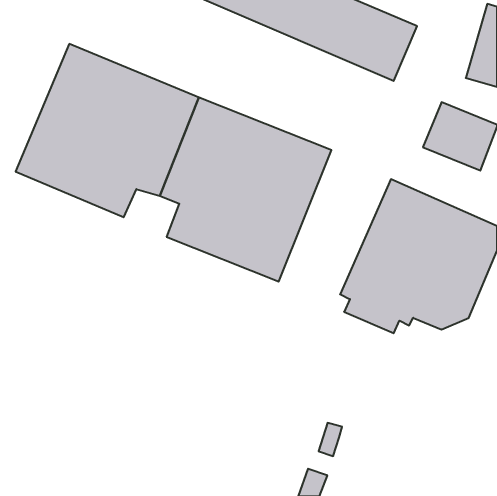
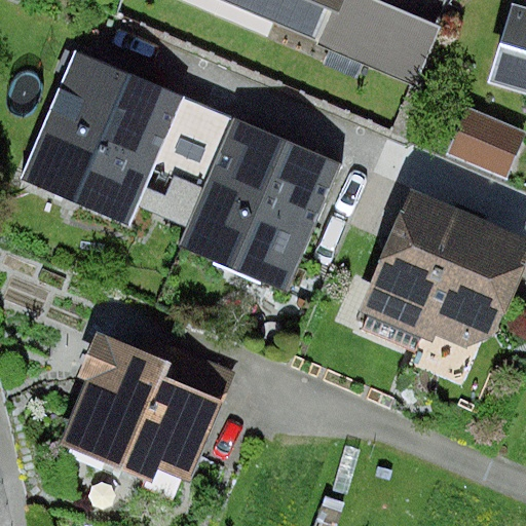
building: none -> [61,330,236,500]

